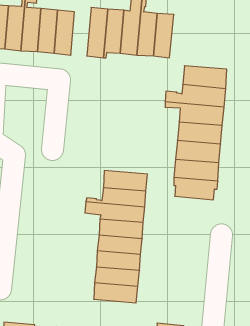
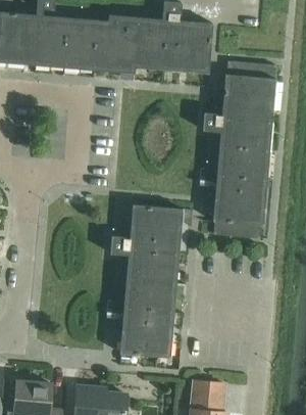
building: none -> [94,14,117,72]
building: none -> [225,61,275,87]

